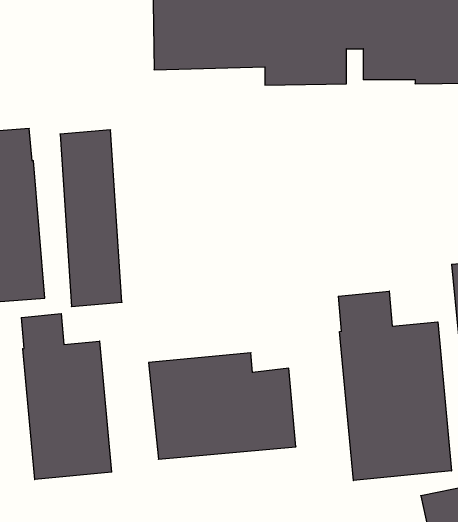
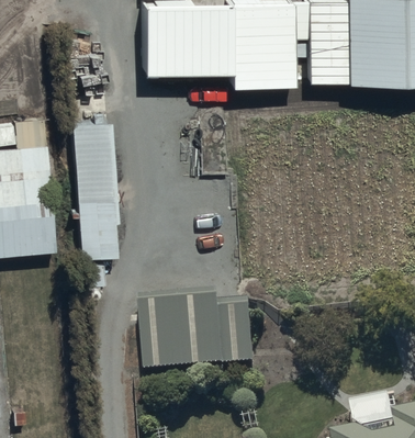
building: [338,291,451,481] -> none
building: [21,314,112,480] -> none

